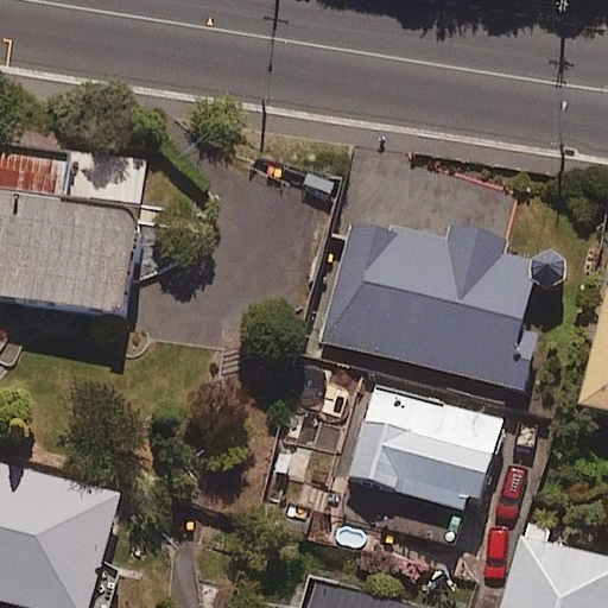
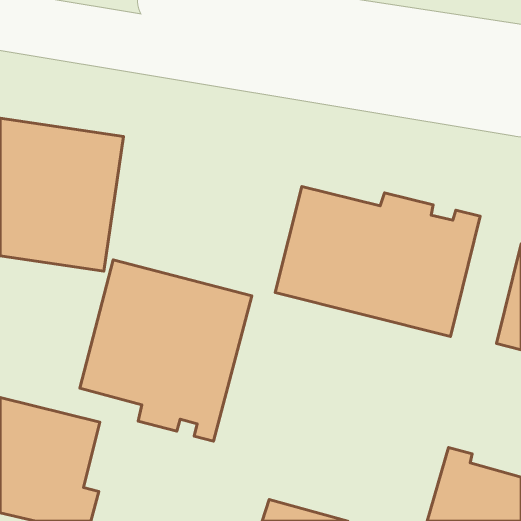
building: none -> [80,260,252,441]
building: [337,386,499,549] -> none

